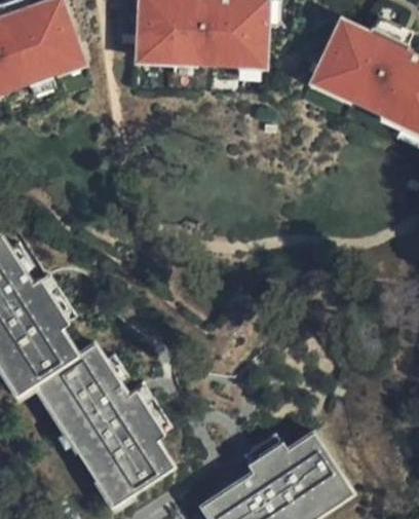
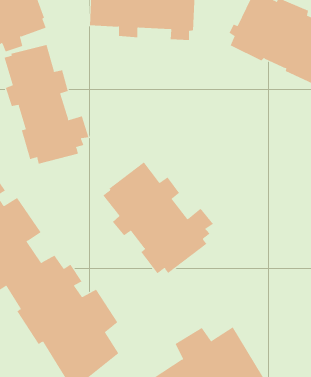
building: none -> [4,44,89,164]
building: none -> [103,162,214,274]

